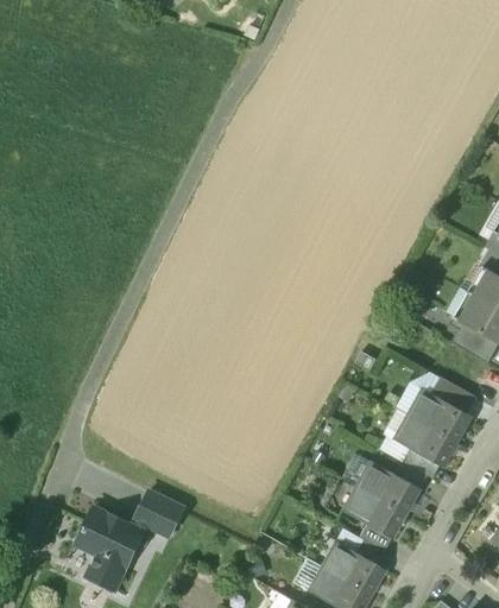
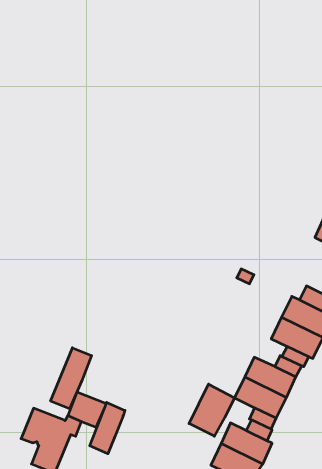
building: none -> [51,348,92,409]
building: none -> [189,384,235,436]
building: none -> [90,402,125,454]

